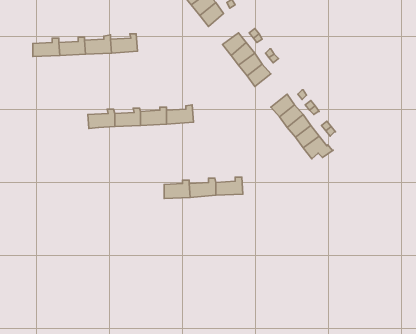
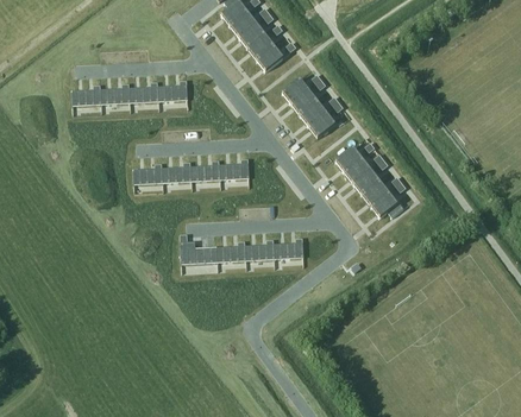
building: none -> [181,234,218,264]

